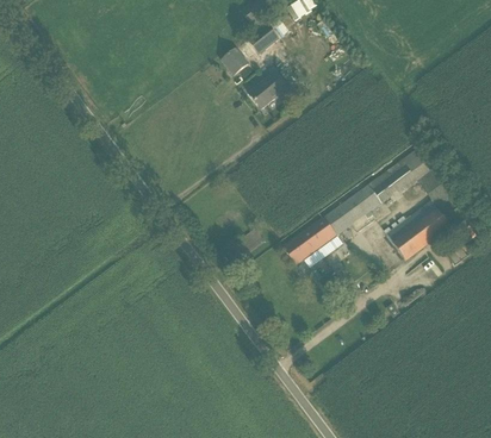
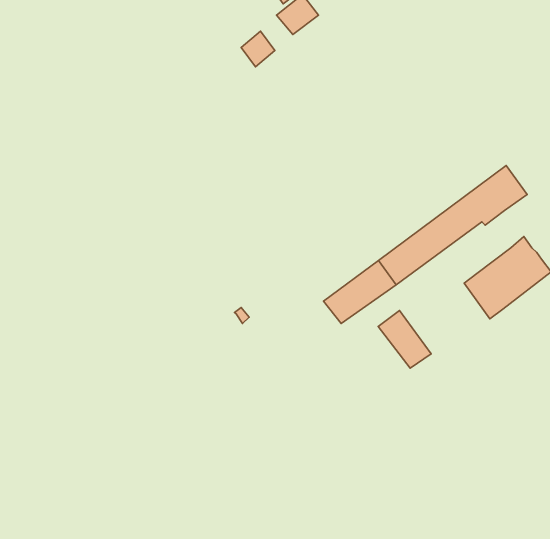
building: [250,71,287,107] -> none
building: none -> [378,311,431,368]

